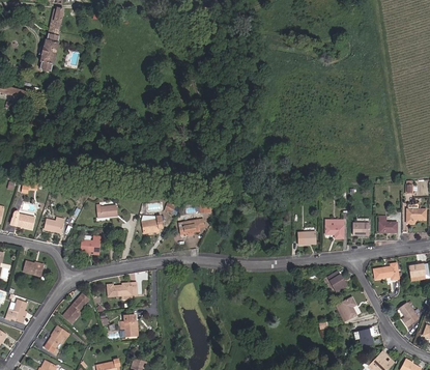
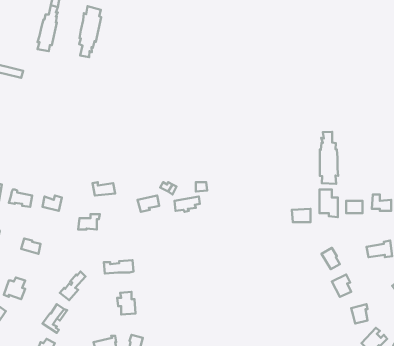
building: none -> [79,6,101,57]
building: none -> [320,132,338,184]

